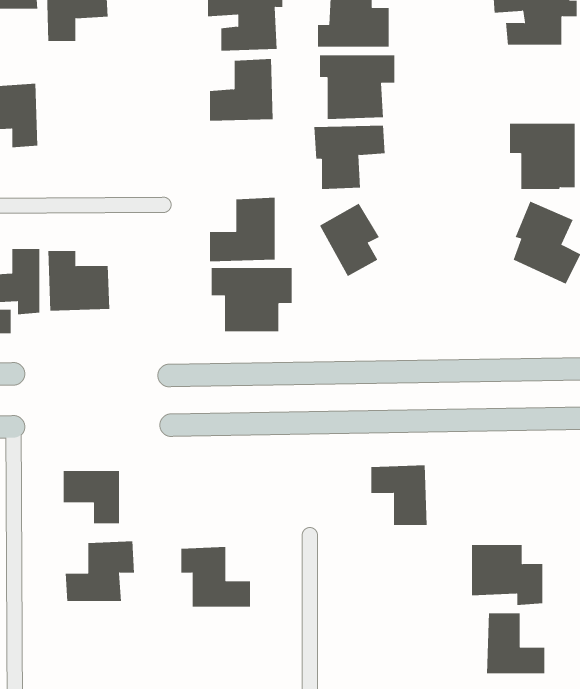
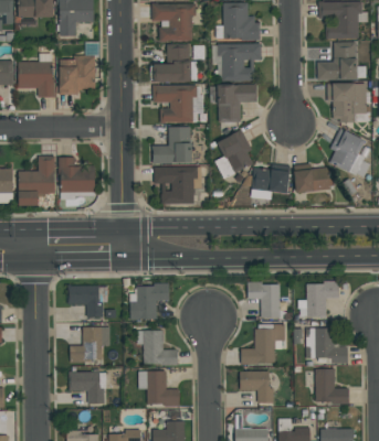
building: none -> [317,42,358,80]
building: none -> [60,57,95,93]
building: none -> [154,86,196,123]
building: none -> [295,164,330,192]
building: none -> [251,168,291,194]
building: none -> [299,282,338,316]
building: none -> [130,284,169,320]
building: none -> [241,325,285,364]
building: none -> [138,370,180,406]
building: none -> [69,372,106,404]
building: none -> [240,372,278,404]

